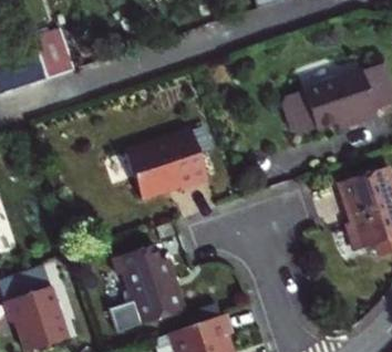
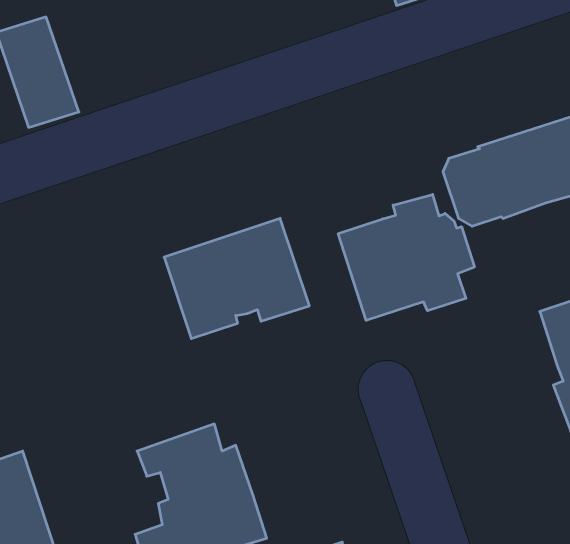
building: none -> [338,194,474,320]

